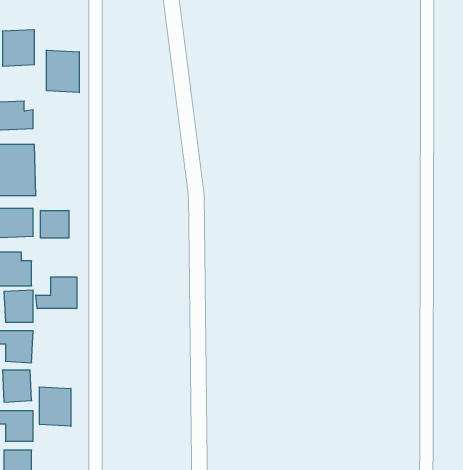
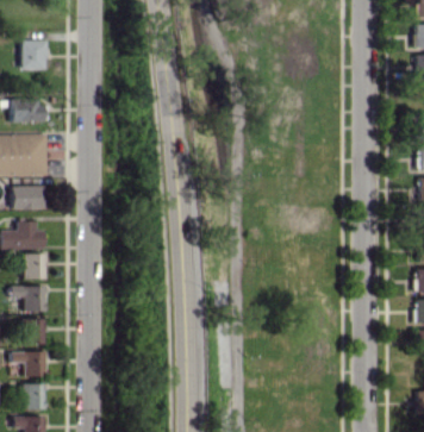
building: [47,50,79,93] -> none
building: [41,210,69,238] -> none
building: [36,277,77,309] -> none
building: [40,387,71,426] -> none

